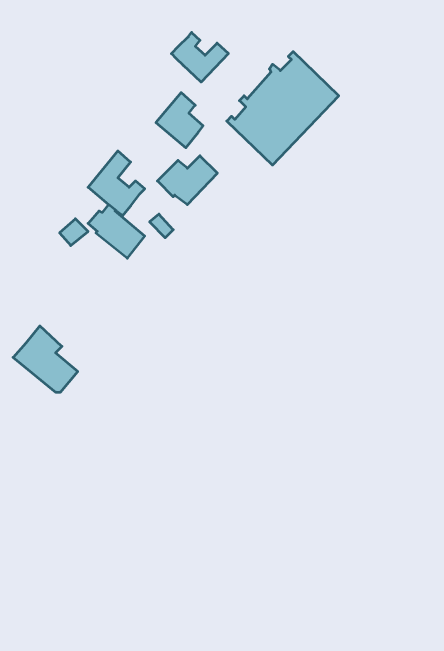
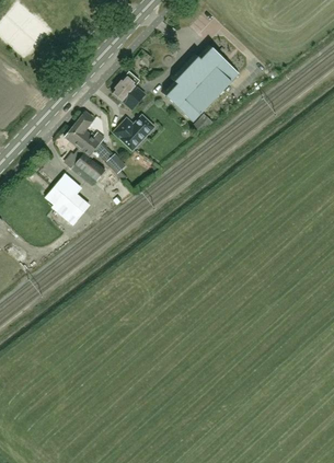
building: [171,32,228,82] -> none
building: [13,326,78,392] -> [45,175,90,221]

